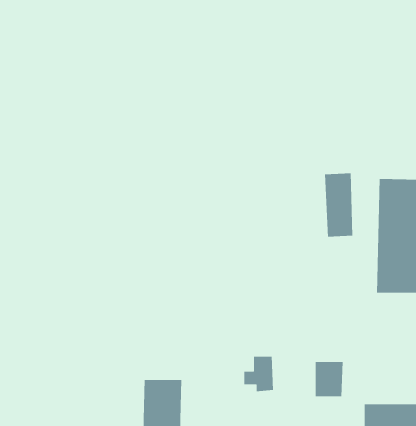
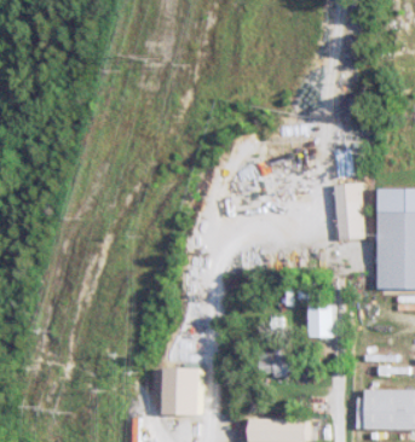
building: [315,361,344,397] -> [310,308,335,339]

